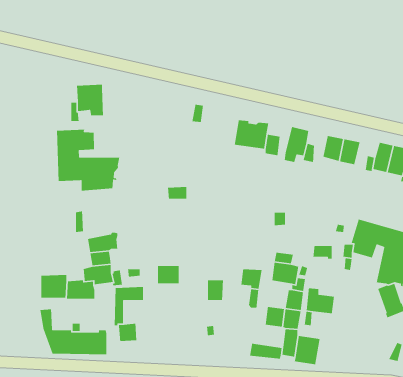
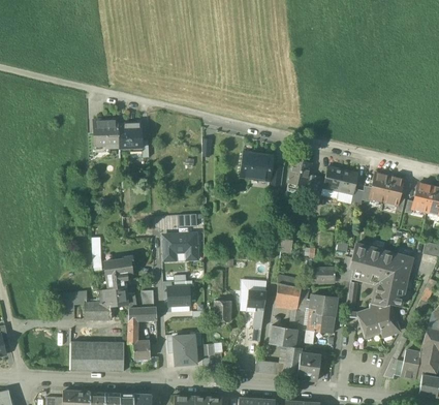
building: none -> [119,122,144,151]
building: [56,129,120,192] -> none
building: none -> [164,233,198,260]
building: none -> [310,294,337,316]
building: none -> [358,303,382,337]
building: none -> [174,334,197,365]

